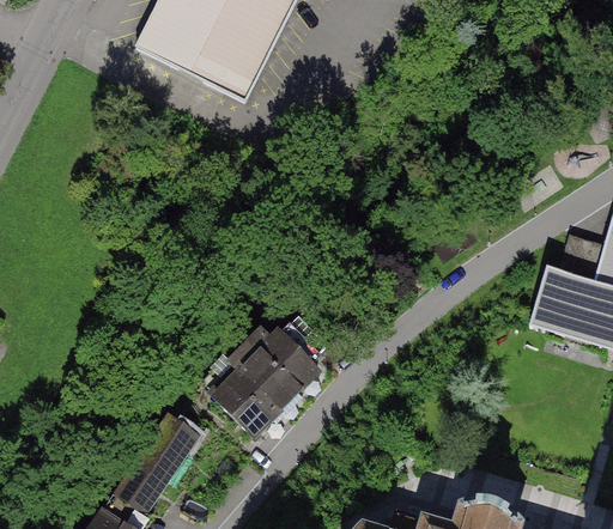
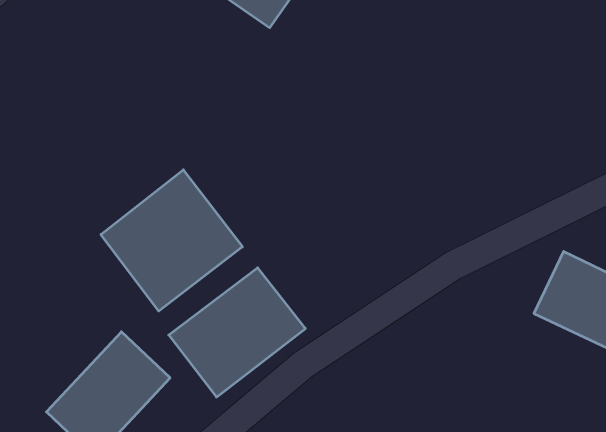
building: none -> [101,170,242,311]

